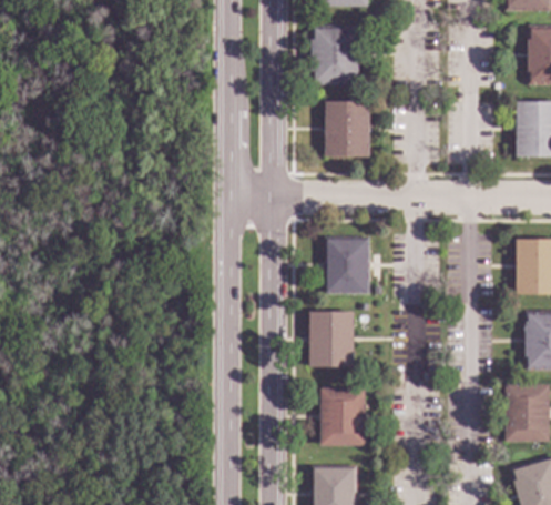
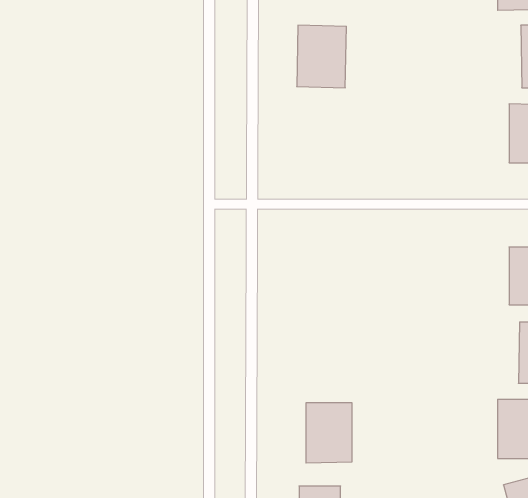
building: [325,101,369,156] -> none
building: [326,239,367,292] -> none
building: [309,311,354,367] -> none

